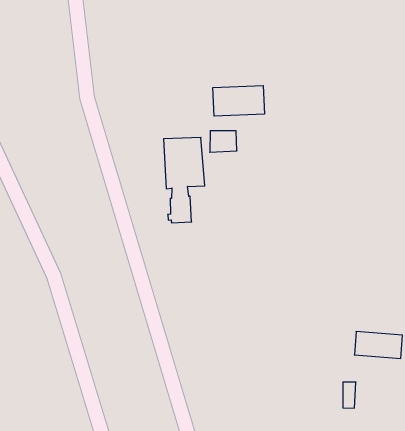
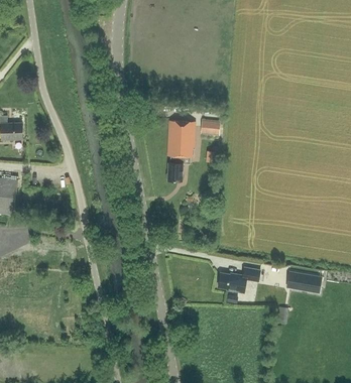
building: [213,86,264,116] -> none
building: none -> [218,267,260,292]

